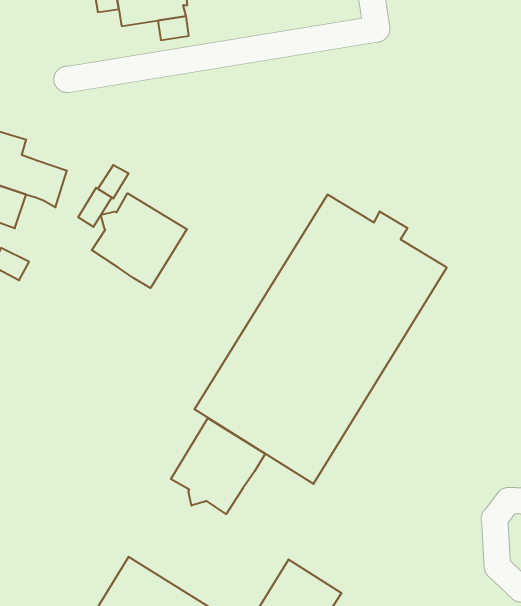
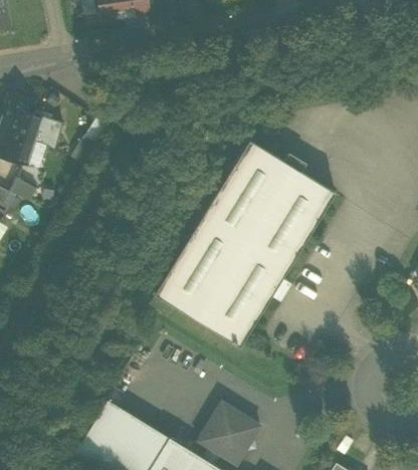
building: [92,193,187,288] -> none
building: [171,418,265,514] -> none

